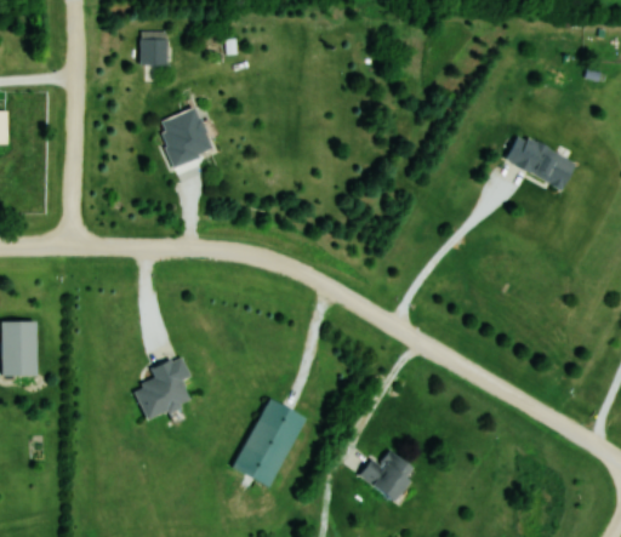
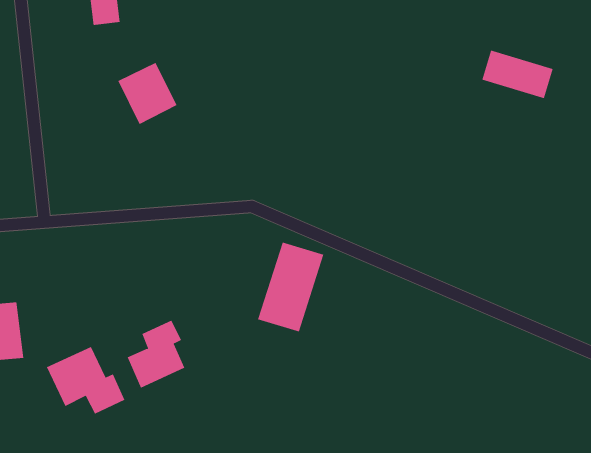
building: none -> [46,346,125,414]
building: [233,399,304,487] -> [257,242,324,332]
building: [359,450,416,502] -> none

